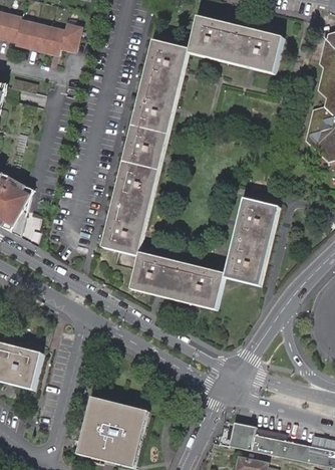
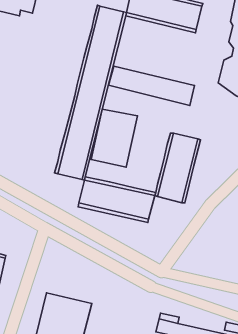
building: none -> [108,66,195,106]
building: none -> [91,109,138,167]

